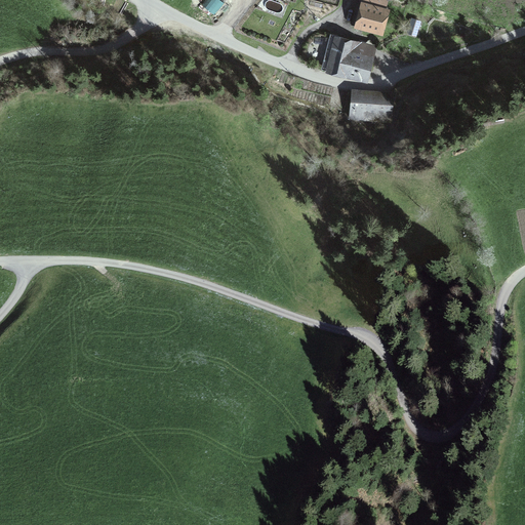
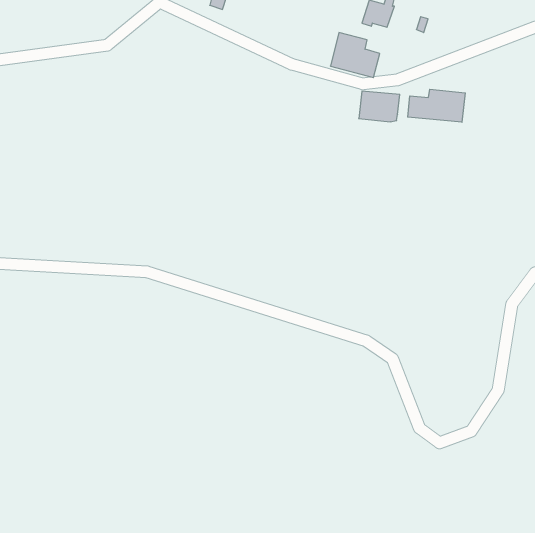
building: none -> [408,89,465,122]

